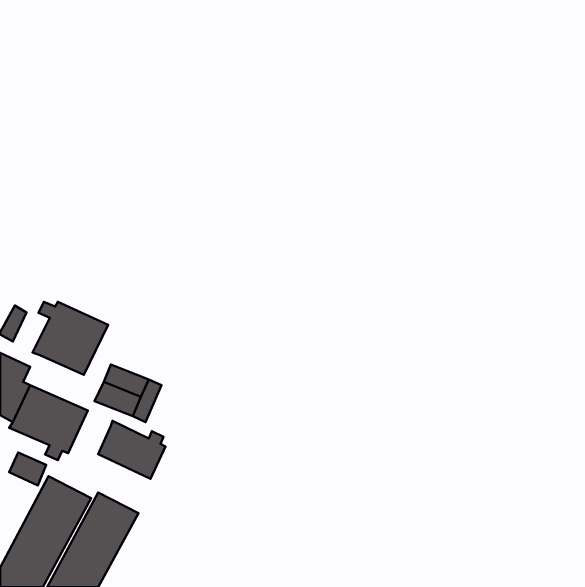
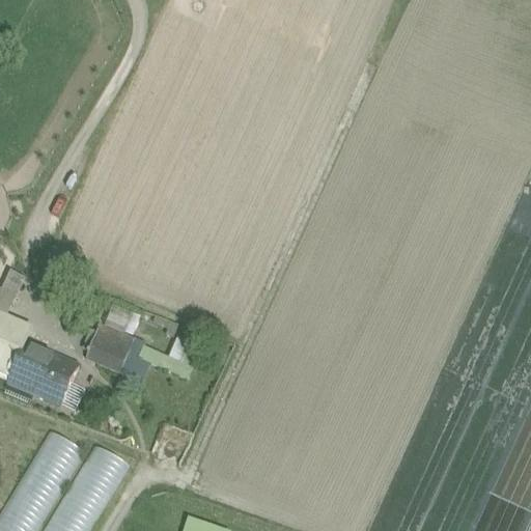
building: [32,302,108,375] -> none
building: [98,421,166,479] -> none
building: [9,452,46,485] -> none

